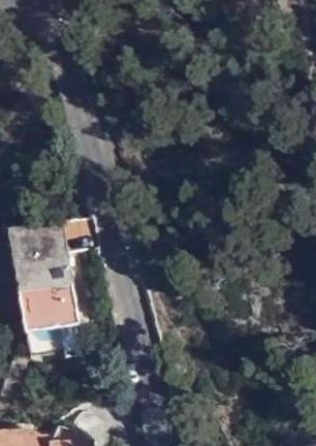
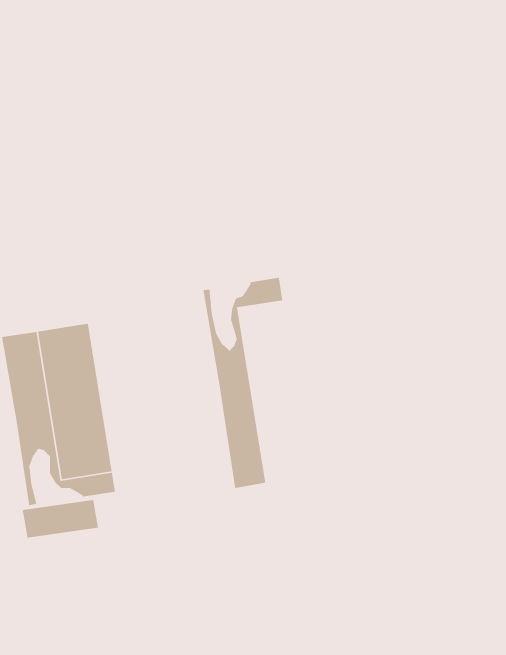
building: none -> [203,277,283,489]

